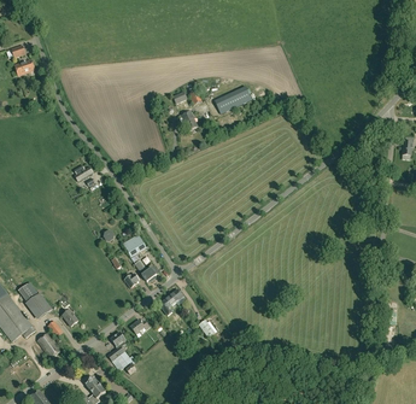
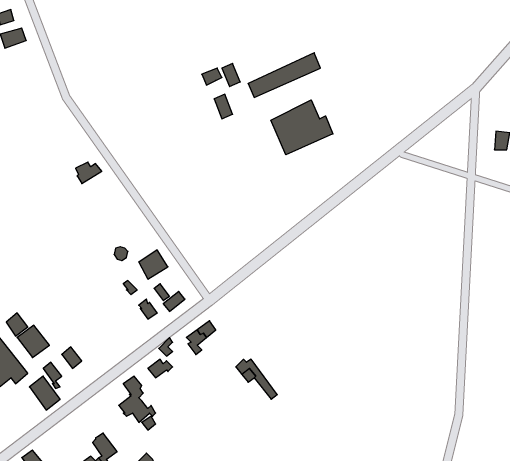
building: none -> [271,100,333,155]

